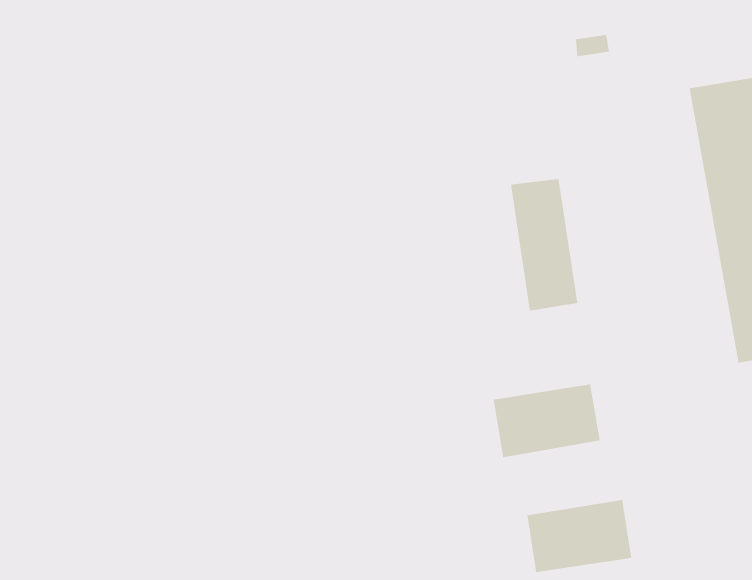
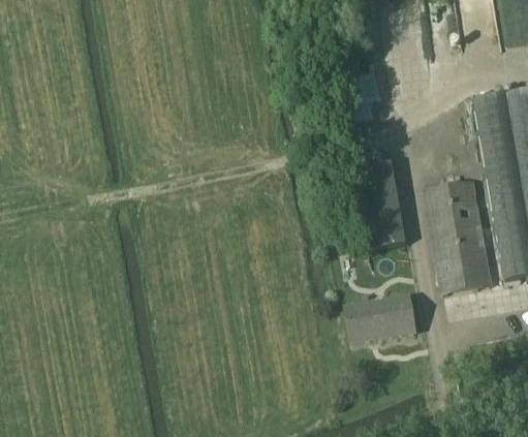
building: none -> [425,181,492,292]
building: [527,499,632,573] -> none

